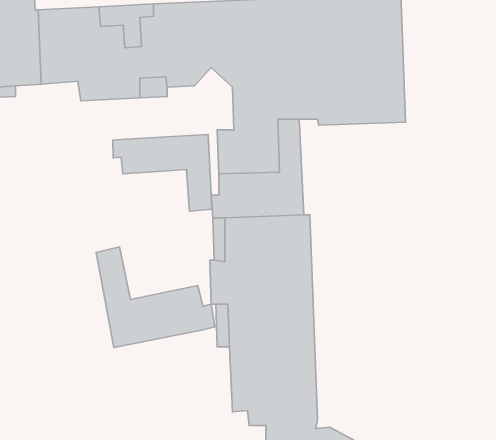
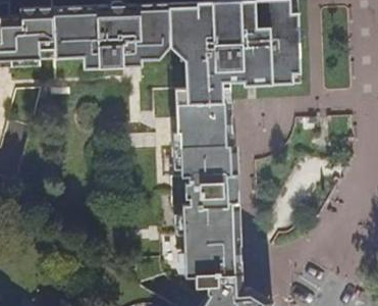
building: [113,135,212,211] -> none
building: [96,247,215,347] -> none

